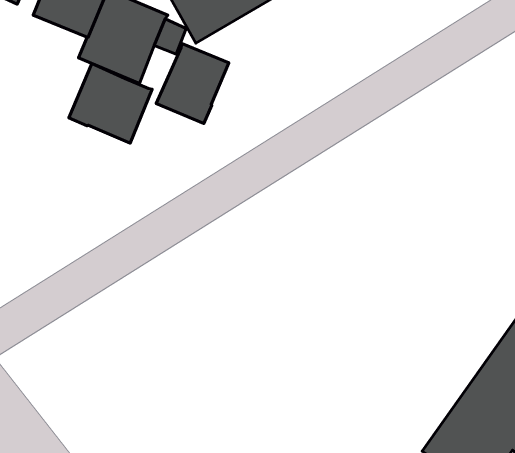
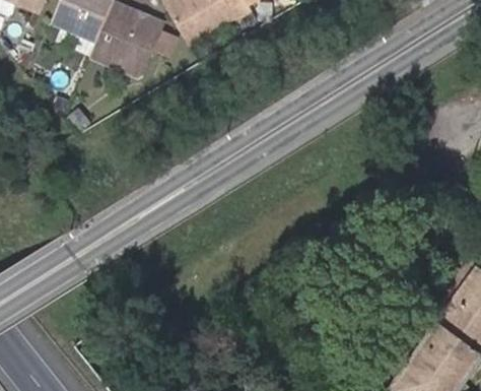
building: [156,44,229,123] -> none
building: [69,63,152,143] -> none

